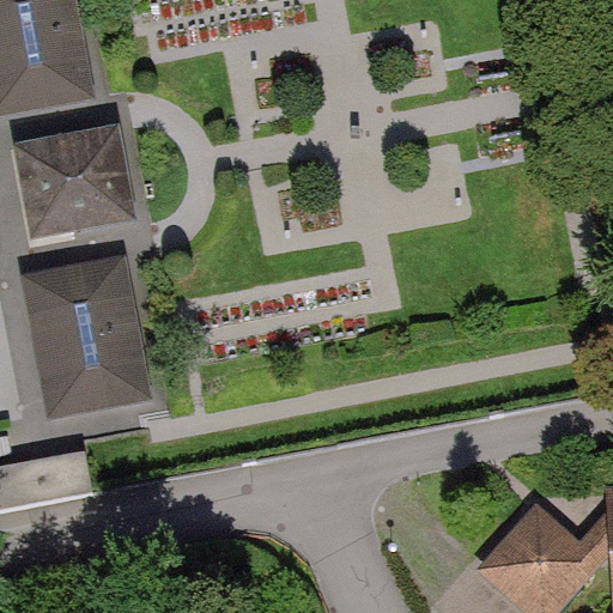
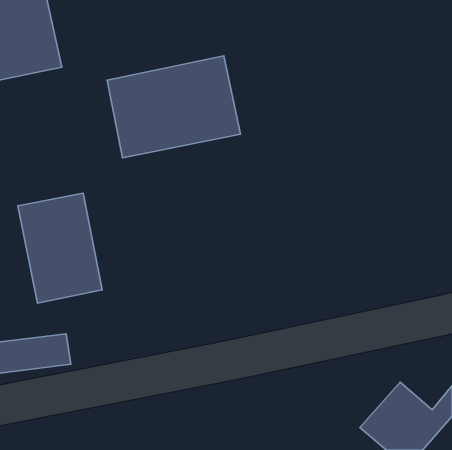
building: none -> [107,56,240,158]
building: [13,131,138,241] -> none

